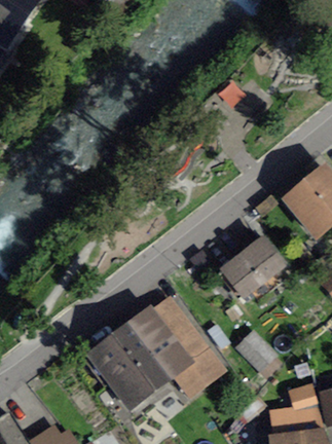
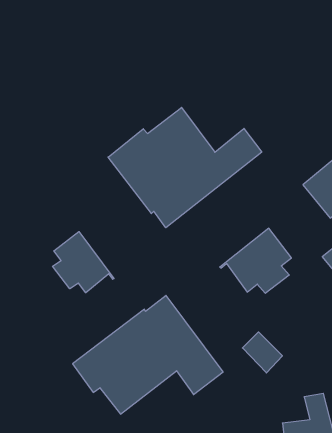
building: none -> [108,107,262,228]
building: none -> [53,232,114,293]

